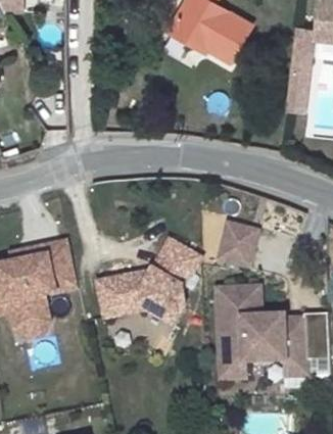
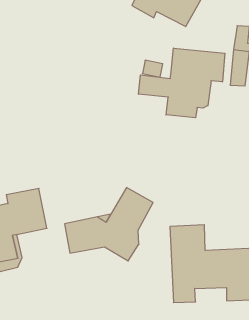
building: none -> [139,48,225,118]
building: [213,216,255,260] -> none

